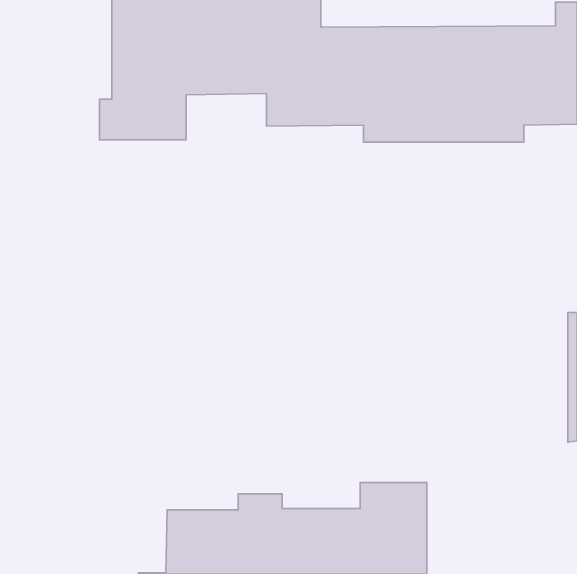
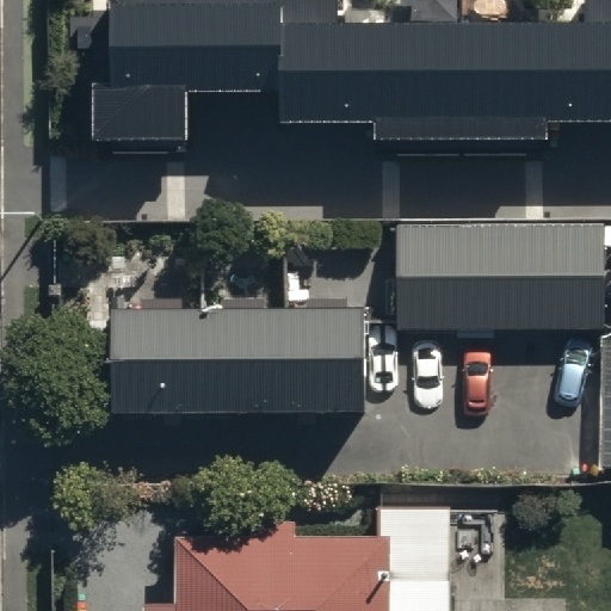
building: none -> [395,220,605,326]
building: none -> [111,302,363,409]

